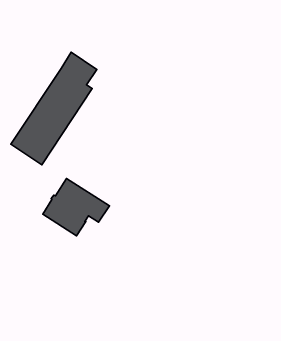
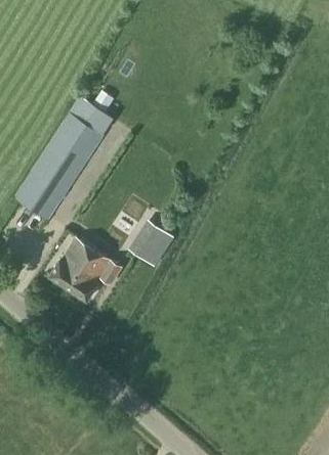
building: none -> [121,218,164,263]

